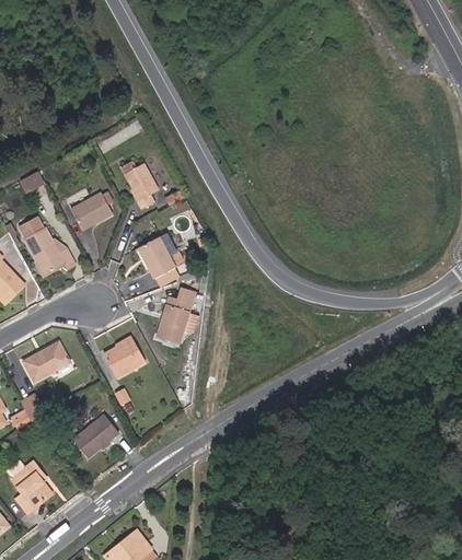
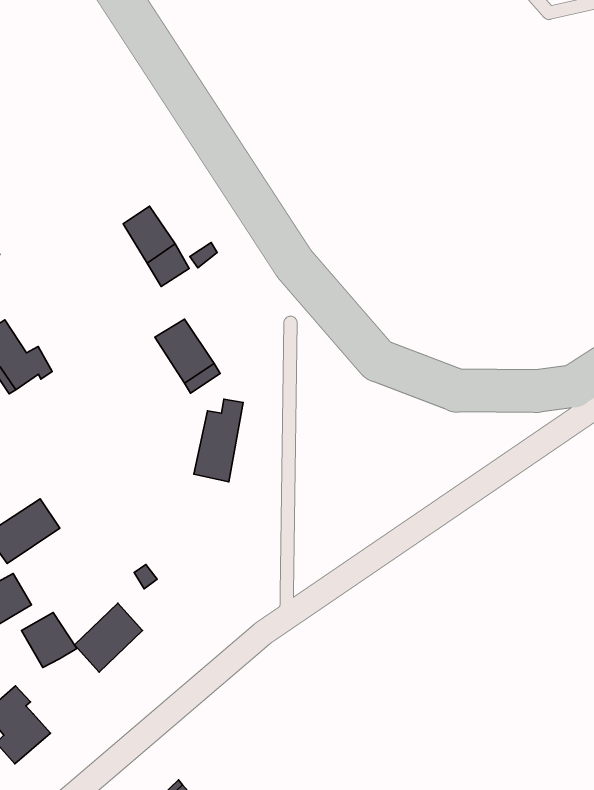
building: [71,192,112,229] -> none
building: [105,339,146,378] -> none
building: none -> [22,613,77,668]

